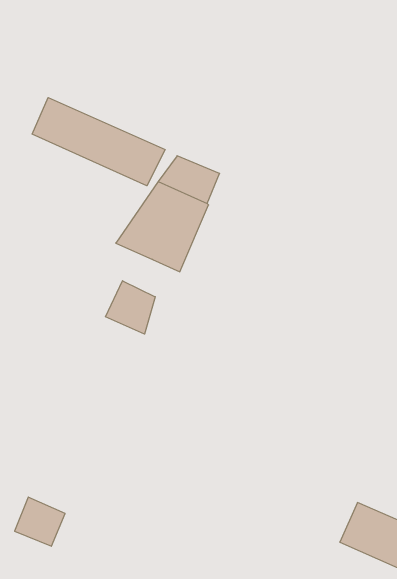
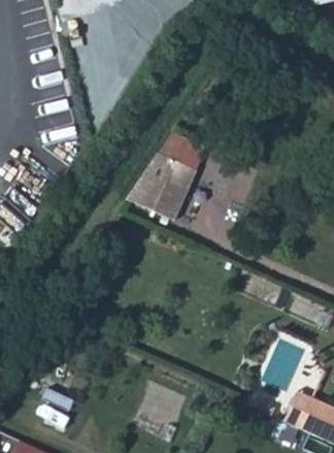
building: [32,98,165,186] -> none
building: [106,281,155,334] -> none

